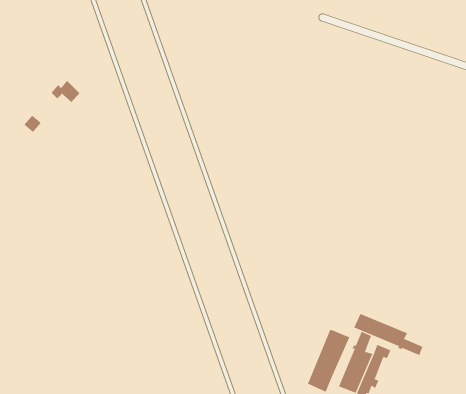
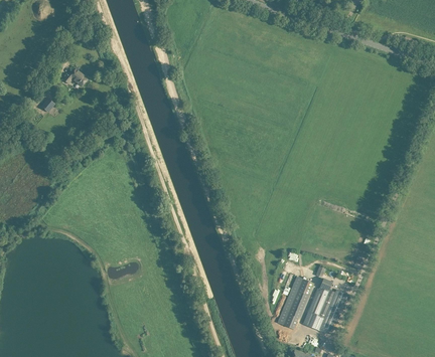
building: [354,313,423,356] -> none

